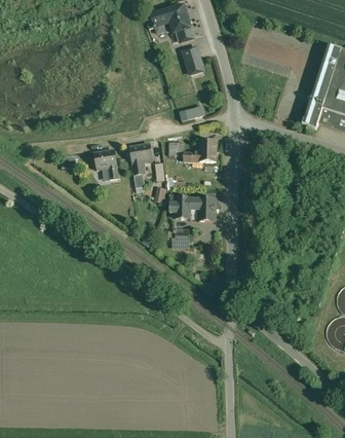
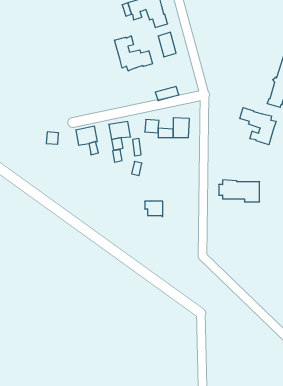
building: none -> [115,36,152,71]
building: none -> [240,108,276,145]
building: [170,196,215,220] -> [219,180,260,202]

